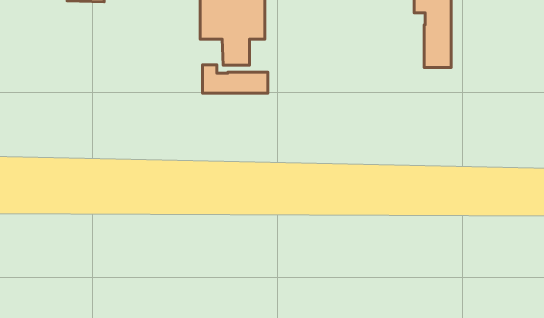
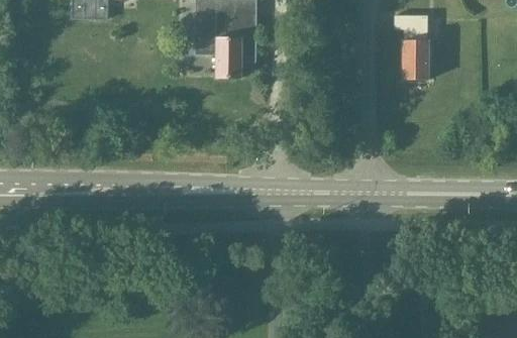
building: [202,65,268,93] -> none

